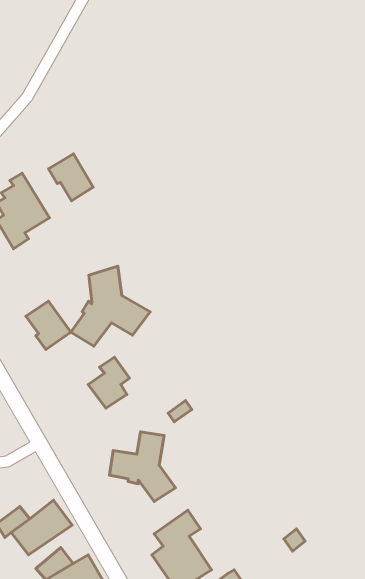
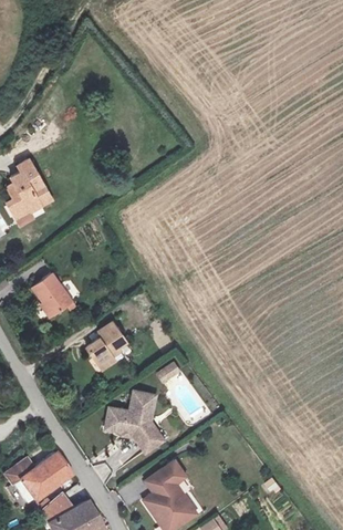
building: [49,154,93,201] -> none
building: [71,266,150,346] -> none

